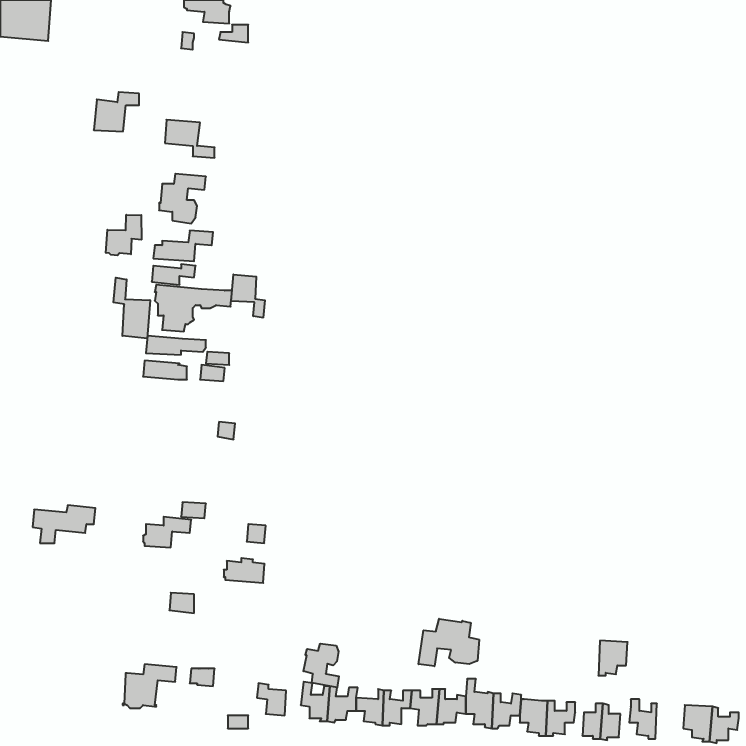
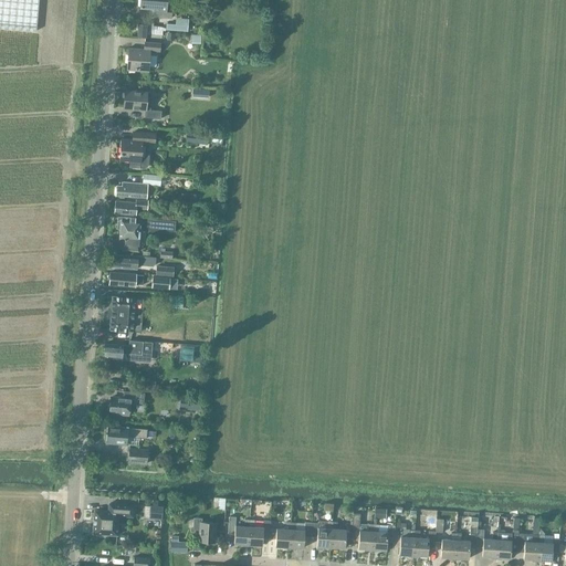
building: [94,92,139,131] -> [127,42,161,72]
building: [106,215,141,255] -> none
building: [231,274,265,318] -> none
building: [113,278,150,338] -> none
building: none -> [109,296,135,332]
building: [33,505,95,543] -> [104,340,151,369]
building: [224,558,265,583] -> [106,426,137,444]
building: [419,619,479,666] -> none
building: [598,641,628,676] -> [496,533,518,559]
building: [303,644,339,687] -> none

